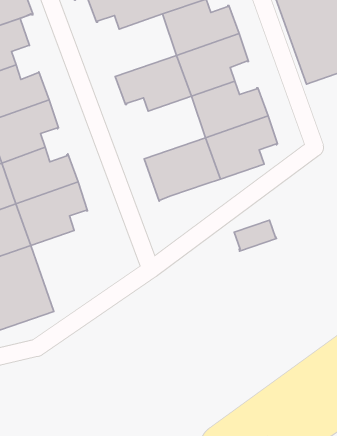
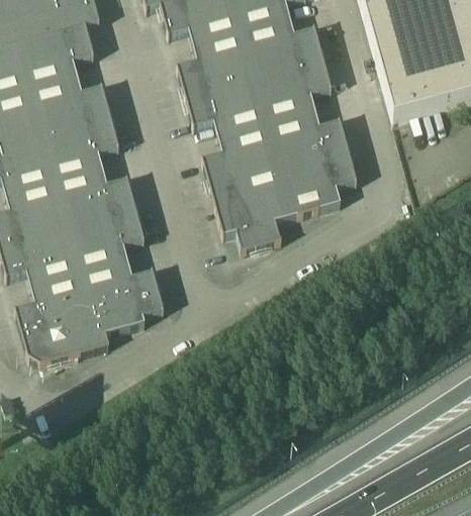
building: none -> [176,29,253,94]
building: none -> [201,121,278,186]
building: [234,220,276,251] -> [236,218,281,249]
building: none -> [79,259,163,345]

